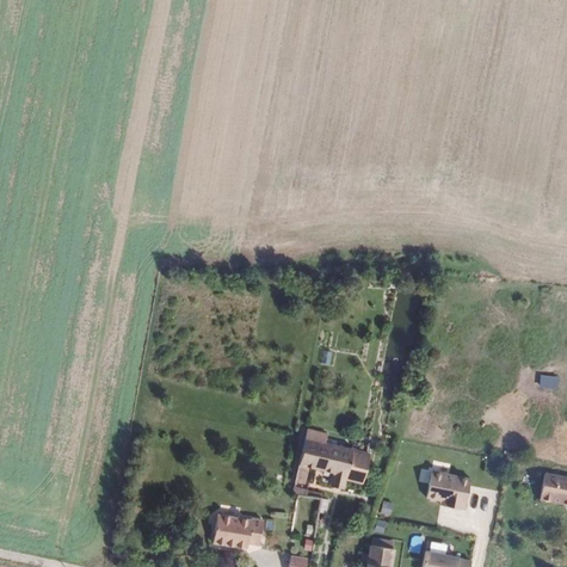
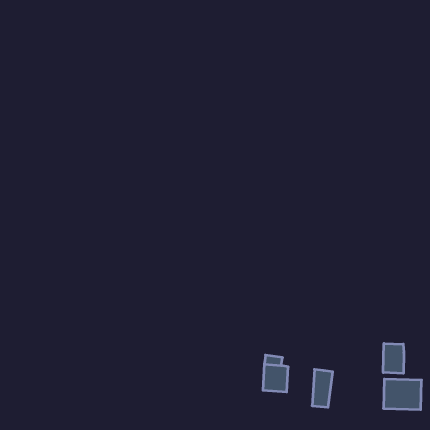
building: none -> [383,343,404,373]
building: [325,442,357,486] -> none

